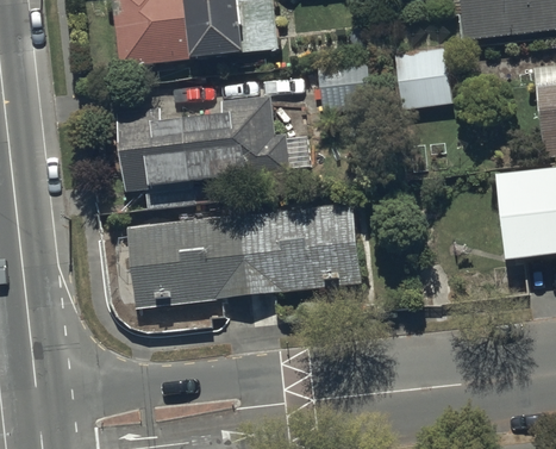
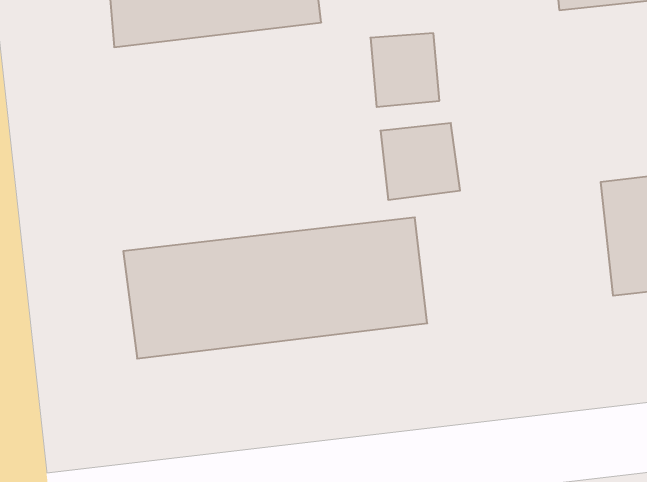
building: [389,50,451,110] -> [380,123,460,200]
building: [119,96,311,192] -> none

